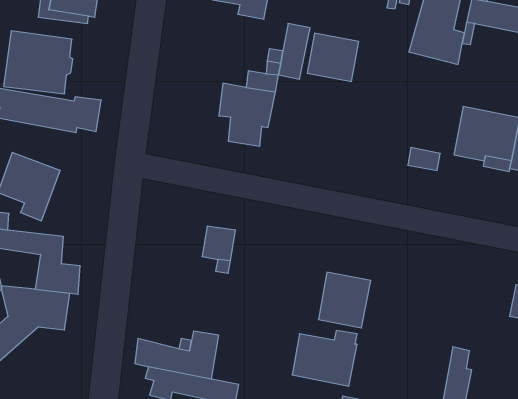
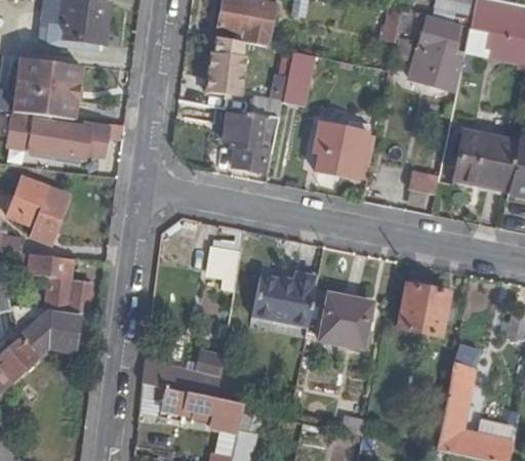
building: none -> [205,52,244,96]
building: [307,33,359,81] -> [316,131,366,178]
building: none -> [399,282,449,335]
building: [292,331,357,386] -> [252,271,316,326]

